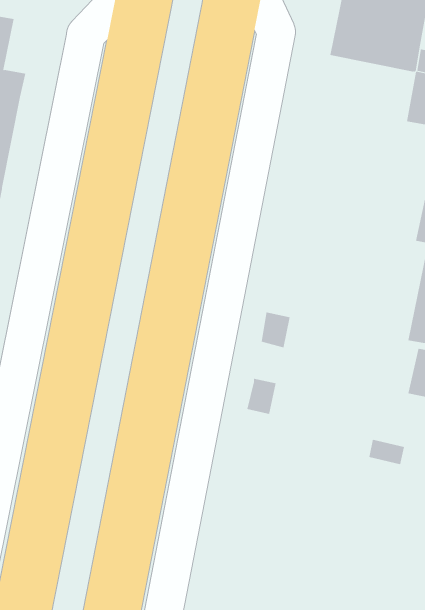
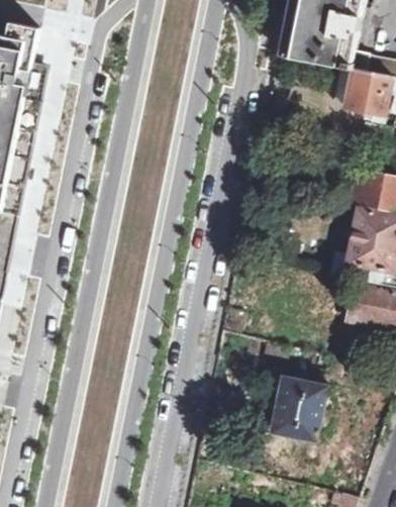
building: none -> [269,377,324,440]

